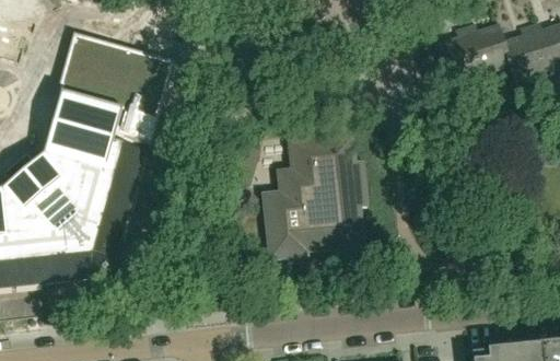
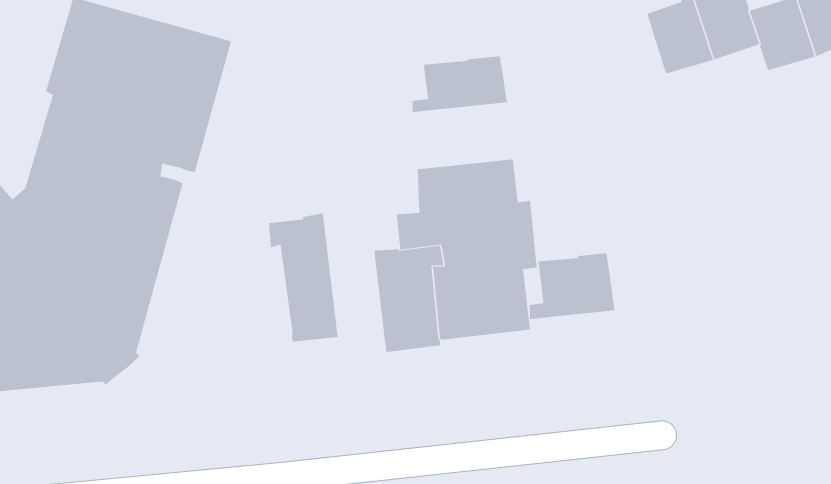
building: none -> [412,55,507,113]
building: none -> [268,213,338,342]
building: none -> [529,253,615,320]

